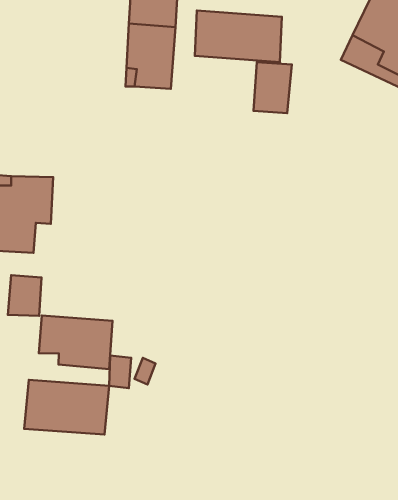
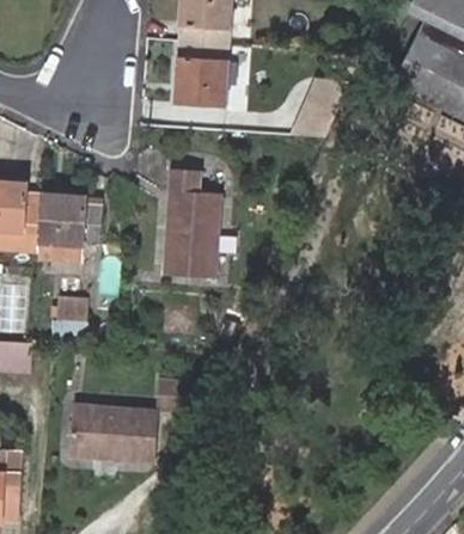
building: [195,10,282,62] -> none
building: none -> [165,171,219,275]
building: [39,316,113,369] -> none

